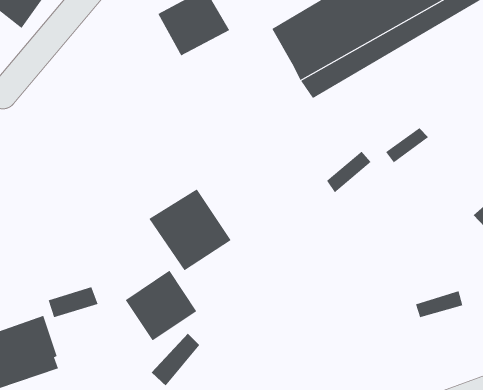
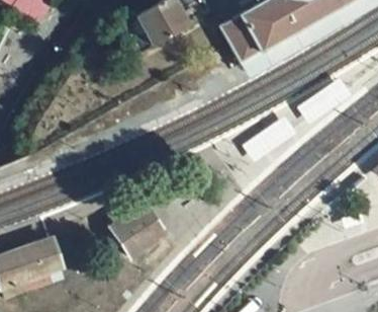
building: [149,188,231,271] -> none

